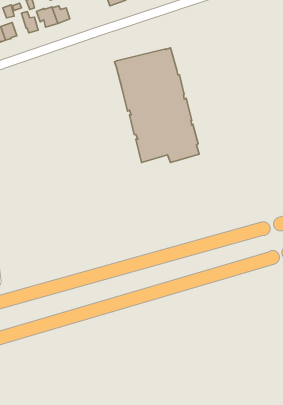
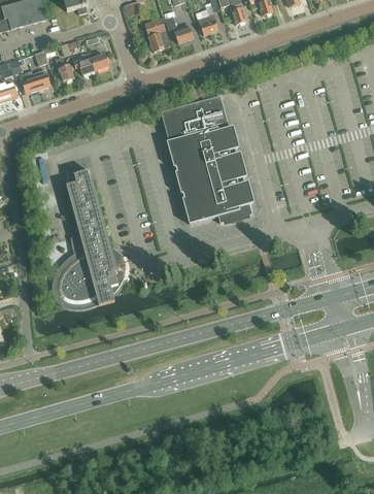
building: none -> [52,170,126,306]

